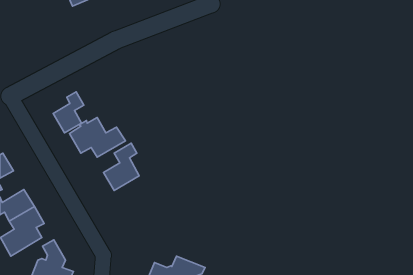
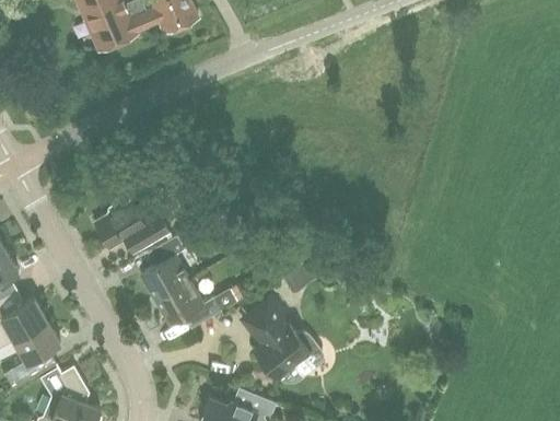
building: [53,92,84,133] -> none
building: none -> [154,280,236,325]
building: none -> [246,297,324,383]

